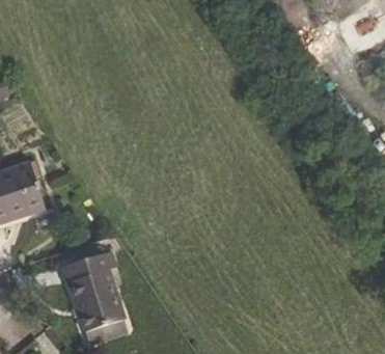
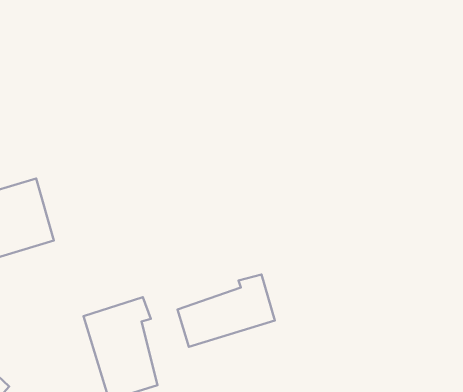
building: none -> [178,275,275,347]

